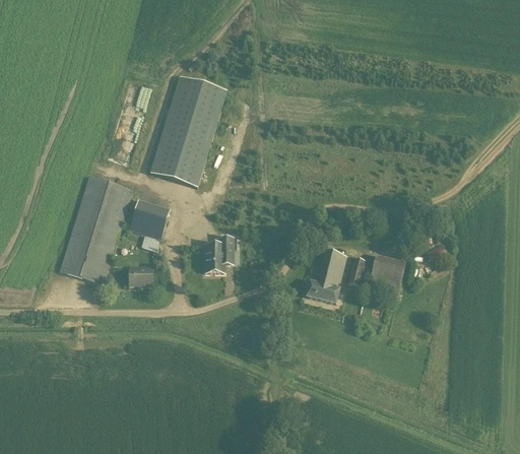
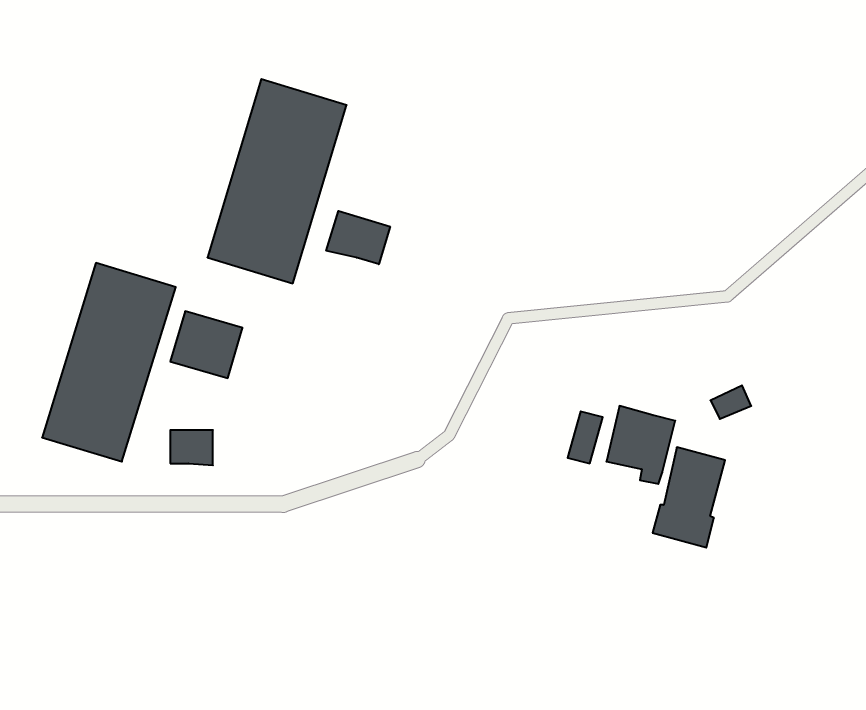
building: none -> [326,211,390,264]
building: [206,236,235,270] -> none
building: [307,248,346,303] -> [653,447,725,548]

